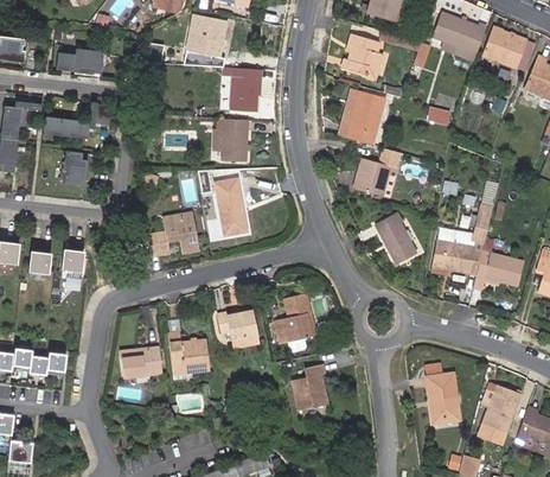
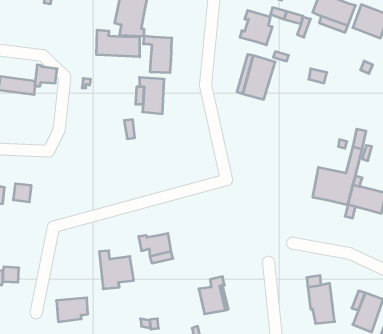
building: [57,49,103,74] -> none
building: none -> [97,30,140,57]
building: [353,148,401,197] -> none
building: [60,151,88,186] -> none
building: [216,179,248,236] -> none
building: [148,212,199,256] -> none
building: [375,214,417,265] -> none
building: [275,293,316,352] -> none
building: [121,348,160,377] -> [56,298,88,322]

